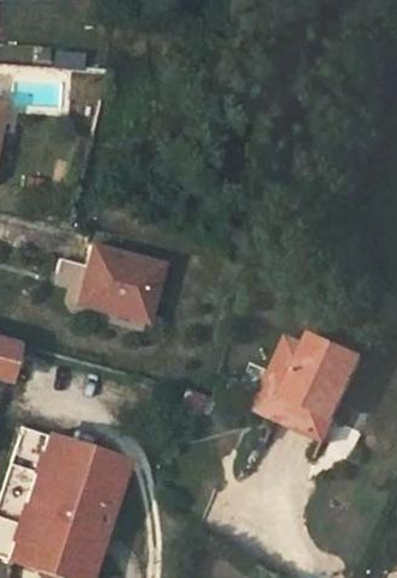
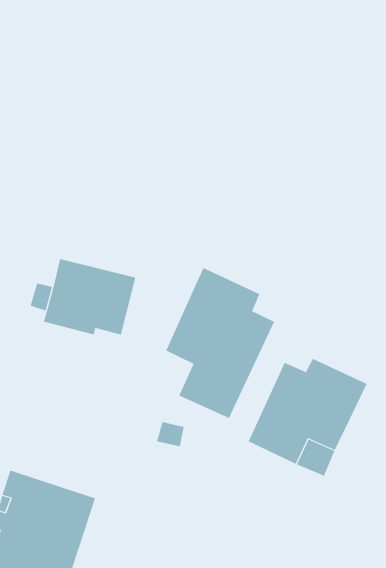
building: none -> [165,267,275,419]

